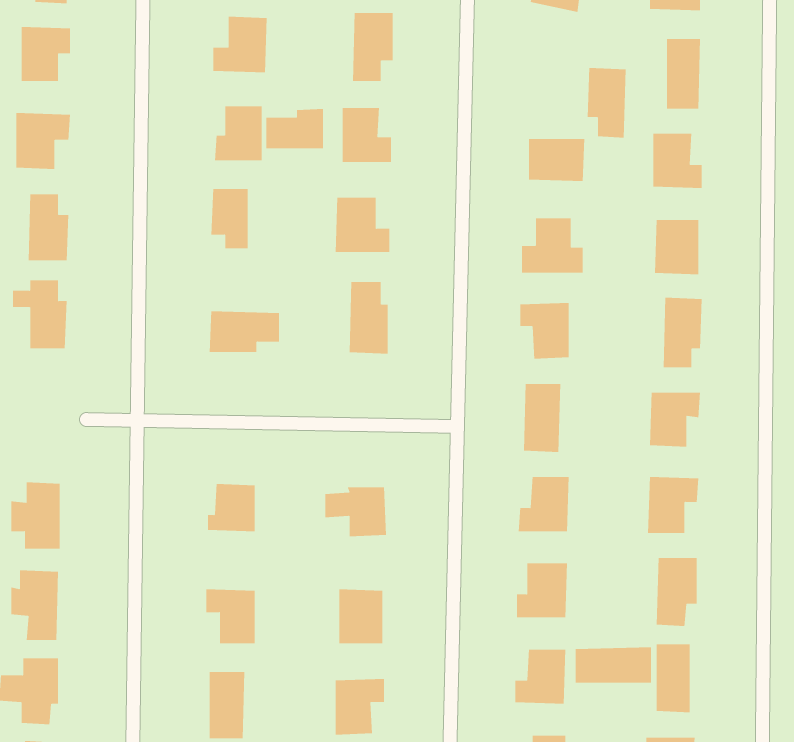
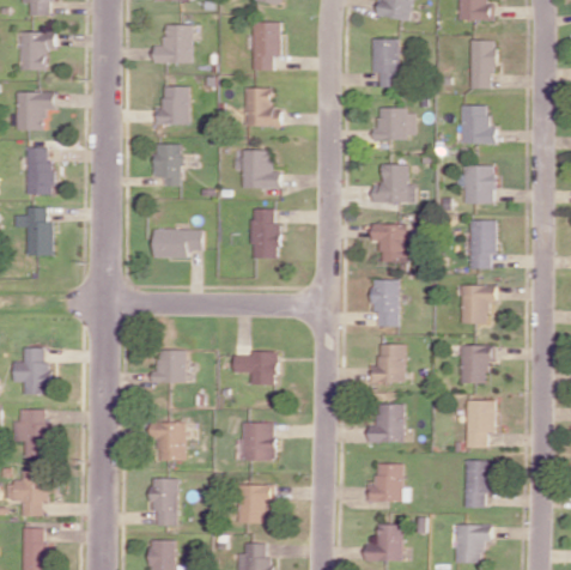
building: [587,68,626,138] -> [371,38,399,87]
building: [266,108,323,149] -> none
building: [575,647,651,684] -> none

